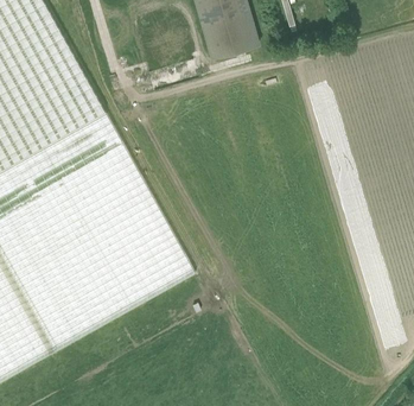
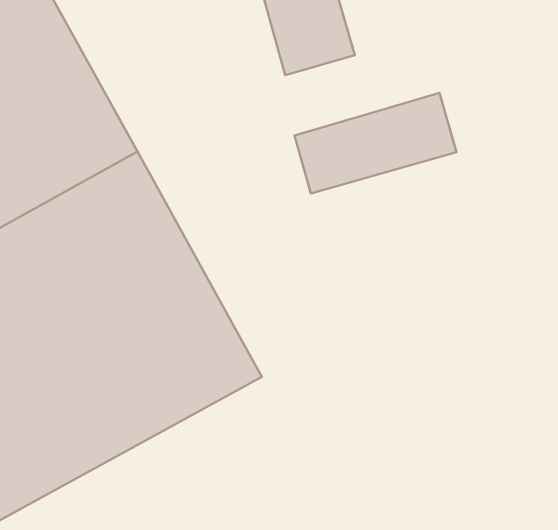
building: none -> [295,93,457,194]

